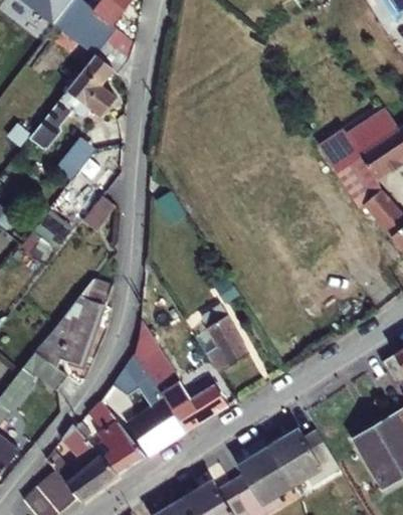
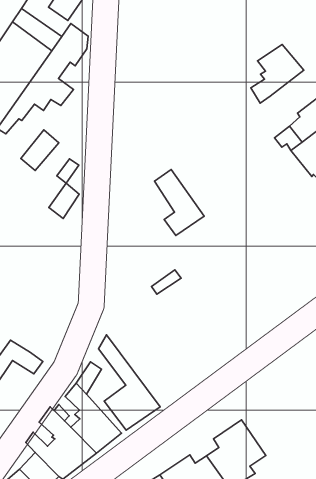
building: none -> [251,44,304,103]
building: [35,280,112,366] -> none
building: [200,303,249,371] -> [154,169,204,235]
building: [135,319,227,430] -> none
building: [269,428,340,486] -> none

